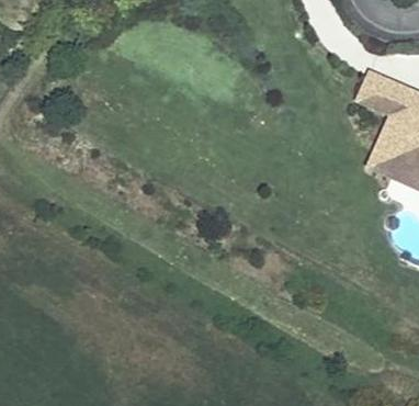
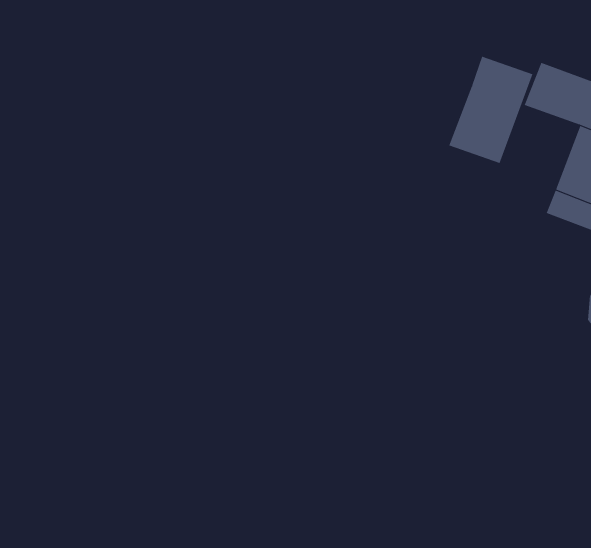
building: none -> [448,56,533,164]

